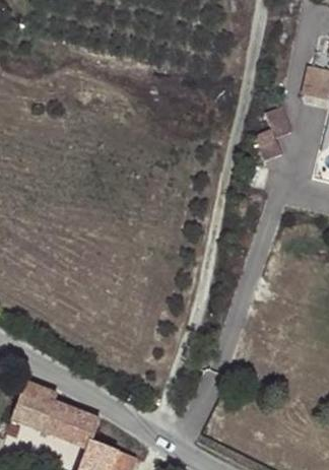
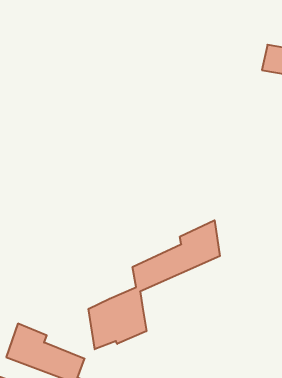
building: none -> [89,220,220,349]

